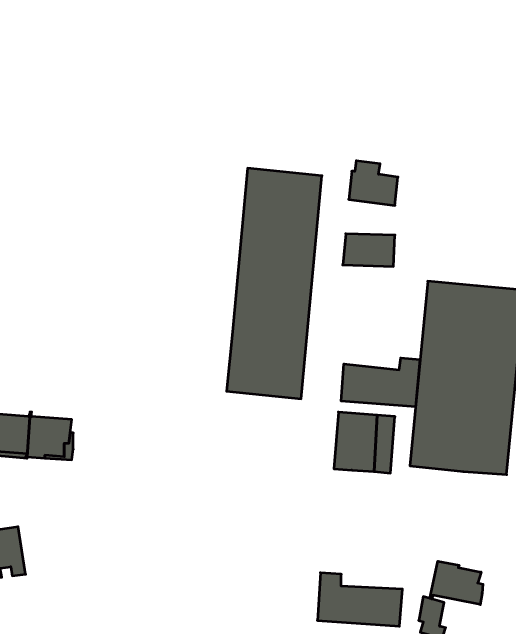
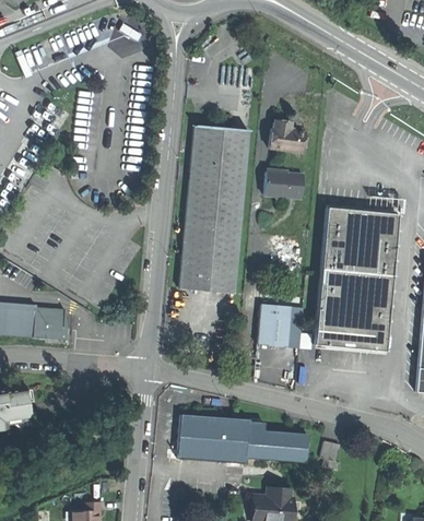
building: [341,358,420,407] -> none
building: [430,561,483,605] -> none
building: none -> [178,414,248,462]

